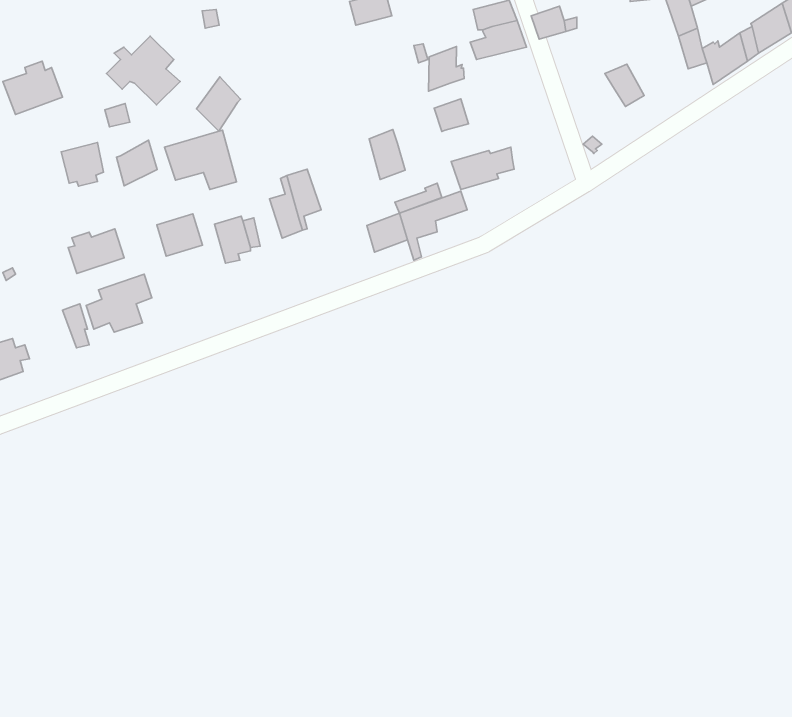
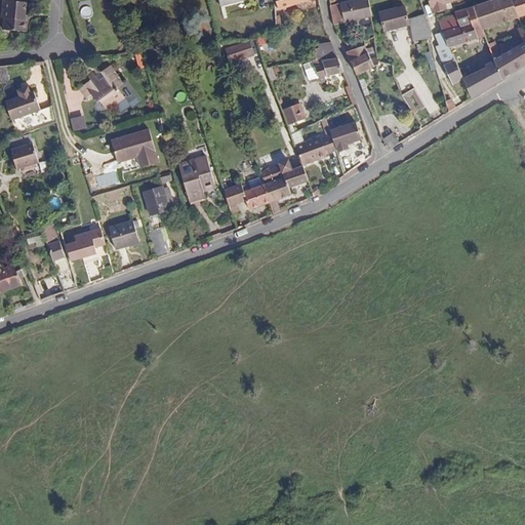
building: [428,46,464,91] -> none
building: [197,77,240,131] -> none
building: none -> [334,123,362,153]
building: [369,129,405,180] -> [224,181,247,214]
building: [117,140,157,186] -> none
building: [61,142,104,186] -> [10,140,38,169]
building: [157,214,202,256] -> [106,220,135,248]
building: [68,229,124,273] -> none

